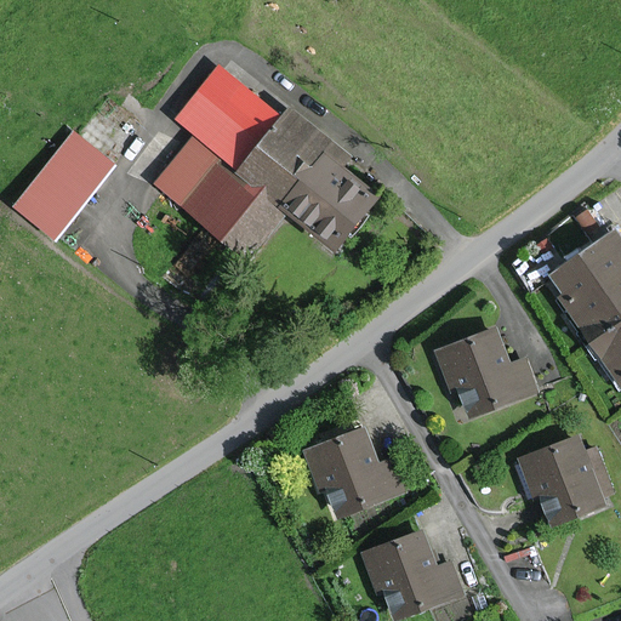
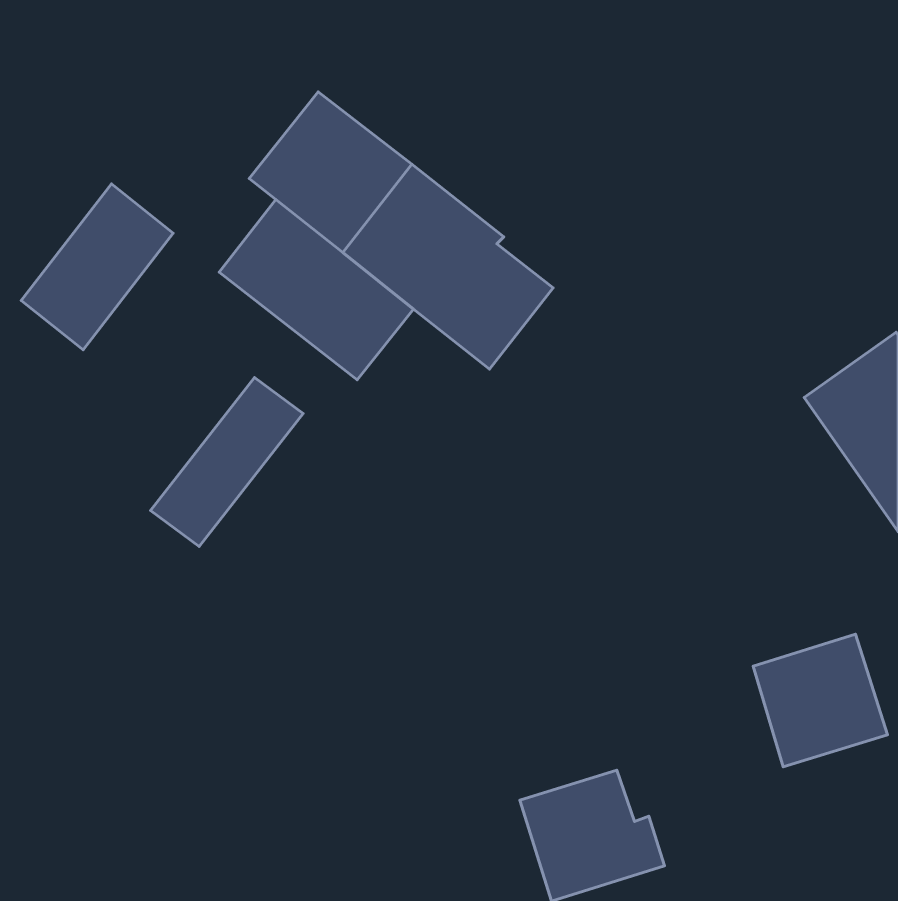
building: none -> [150,377,303,547]
building: [437,329,536,415] -> none
building: [317,429,391,514] -> none

